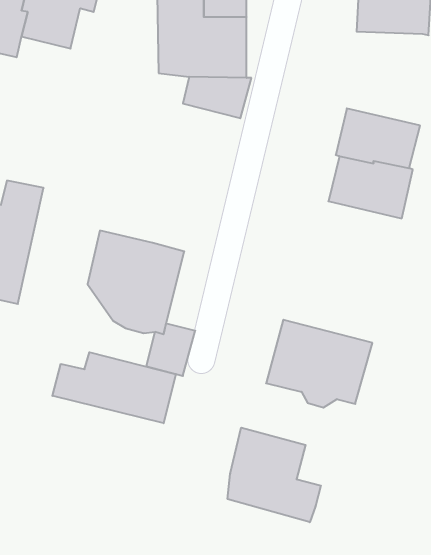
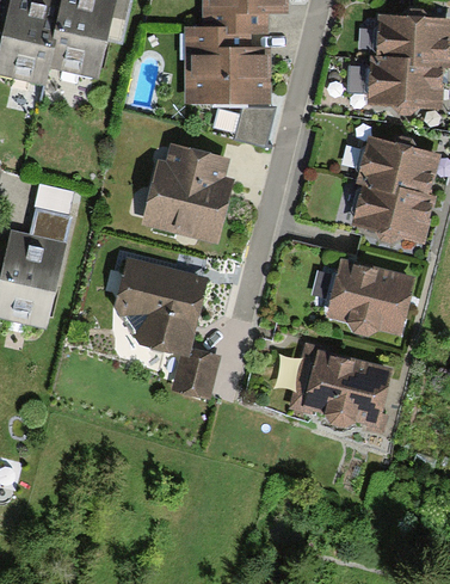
building: none -> [365,60,440,106]
building: none -> [141,142,233,241]
building: none -> [326,258,413,337]
building: [52,352,176,423] -> none
building: [228,428,321,522] -> none

